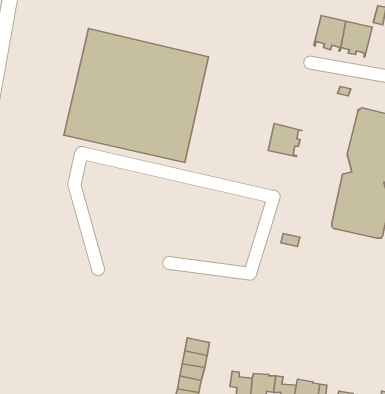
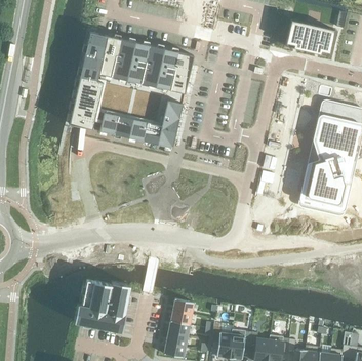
building: [268,123,302,157] -> none
building: none -> [72,280,128,332]

